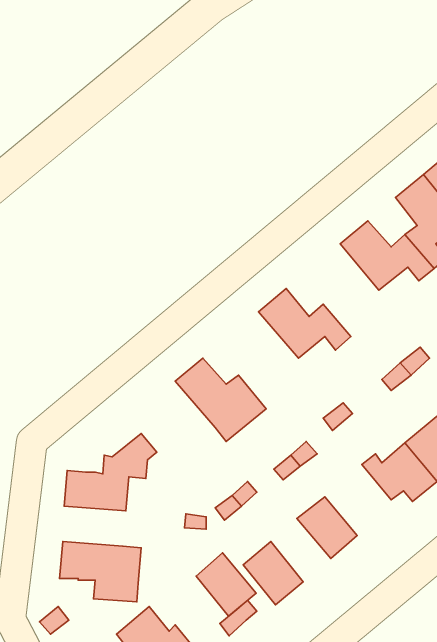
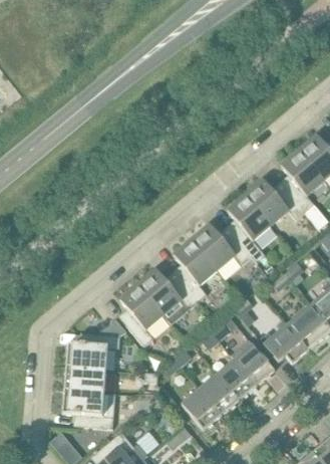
building: none -> [228,194,271,260]
building: none -> [175,238,219,301]
building: none -> [120,285,161,344]
building: none -> [236,343,275,384]
building: none -> [65,365,106,391]
building: [196,553,256,616] -> [201,373,240,414]

